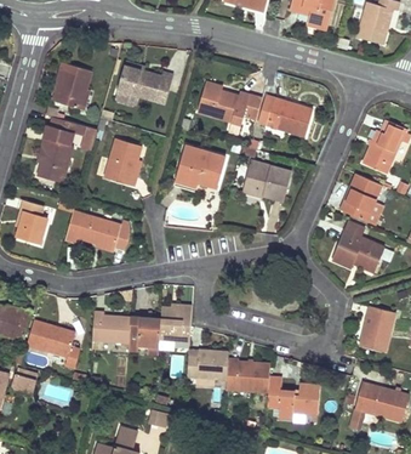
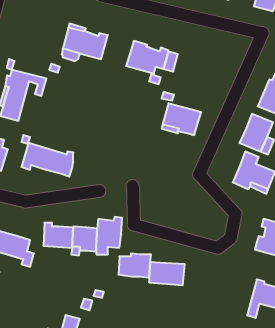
building: [52,63,92,109] -> none
building: [257,93,313,137] -> none
building: [103,137,142,186] -> none
building: [175,144,226,188] -> none
building: [267,376,320,419] -> none

